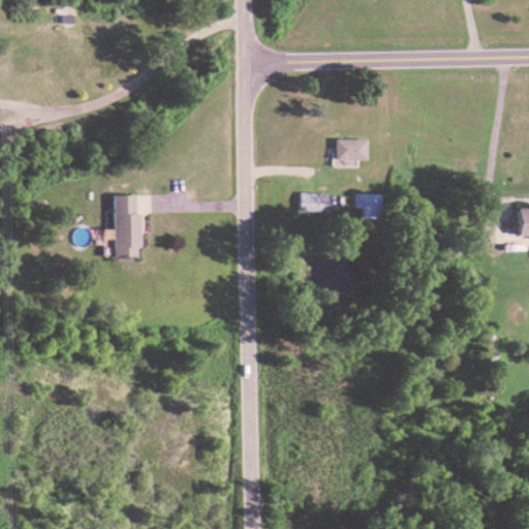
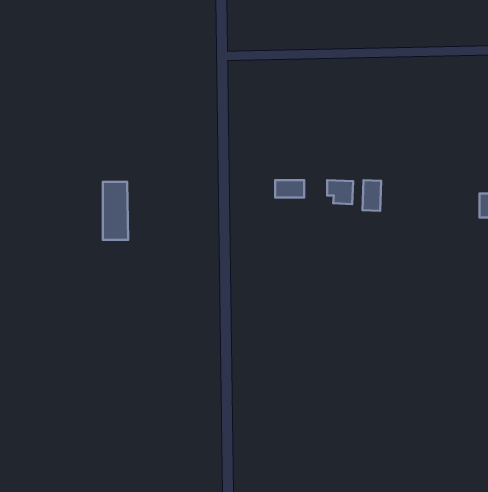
building: [336,138,368,160] -> none
building: none -> [362,180,381,211]

